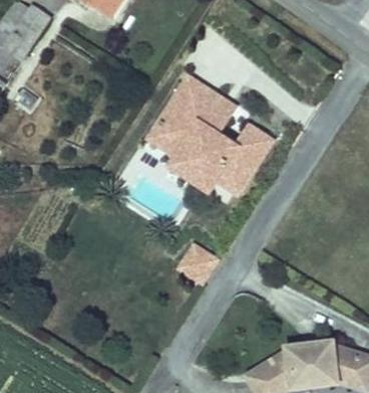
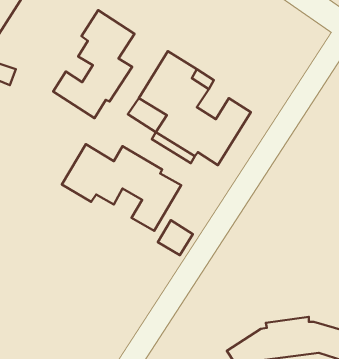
building: none -> [53,10,135,118]
building: none -> [62,144,181,231]

